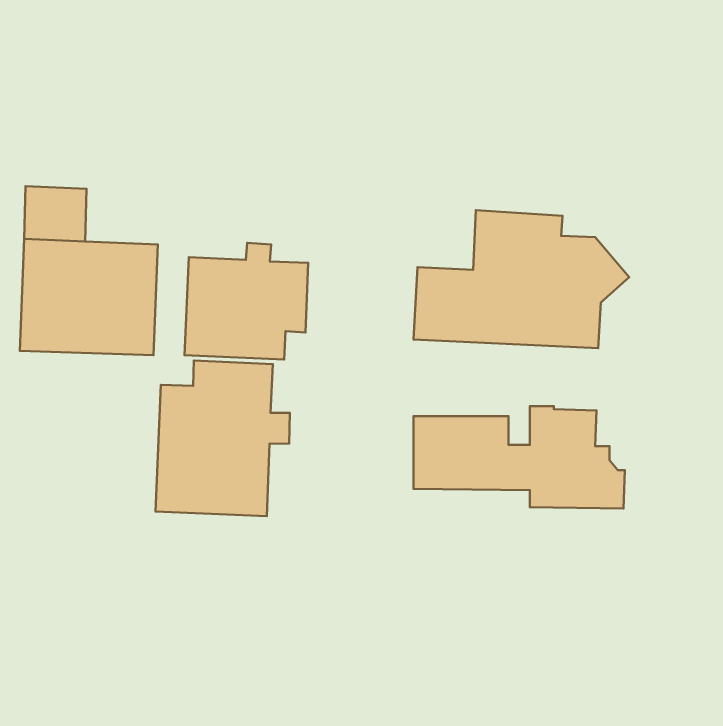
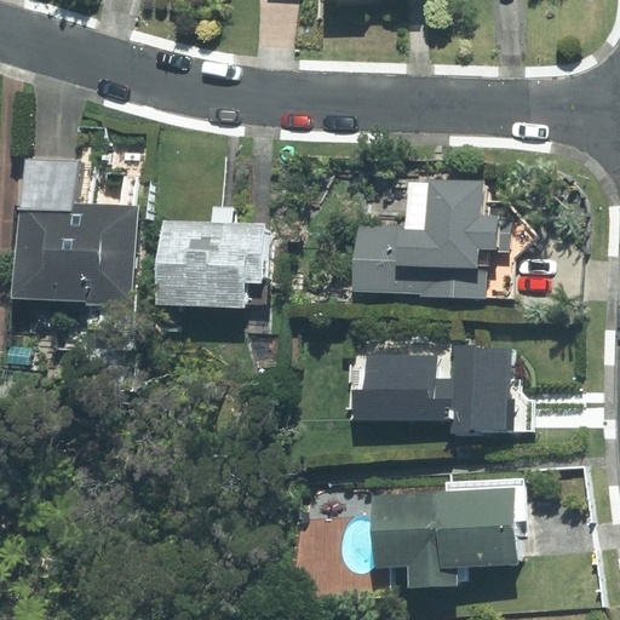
building: [155,360,290,516] -> none
building: none -> [369,481,524,587]

